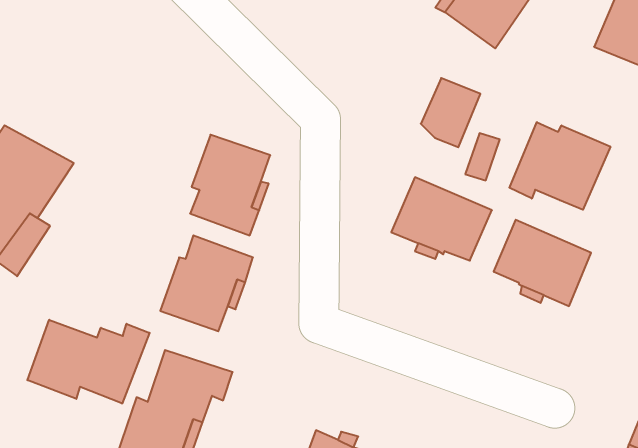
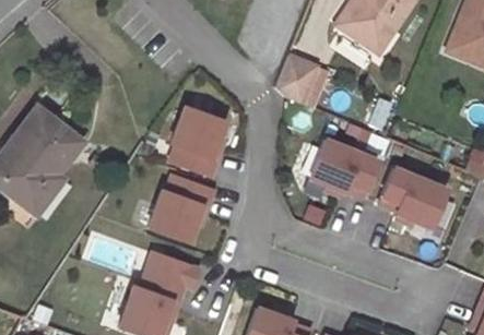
building: [421,78,480,147] -> [281,48,322,96]
building: [509,122,610,210] -> none
building: [27,320,150,404] -> none

